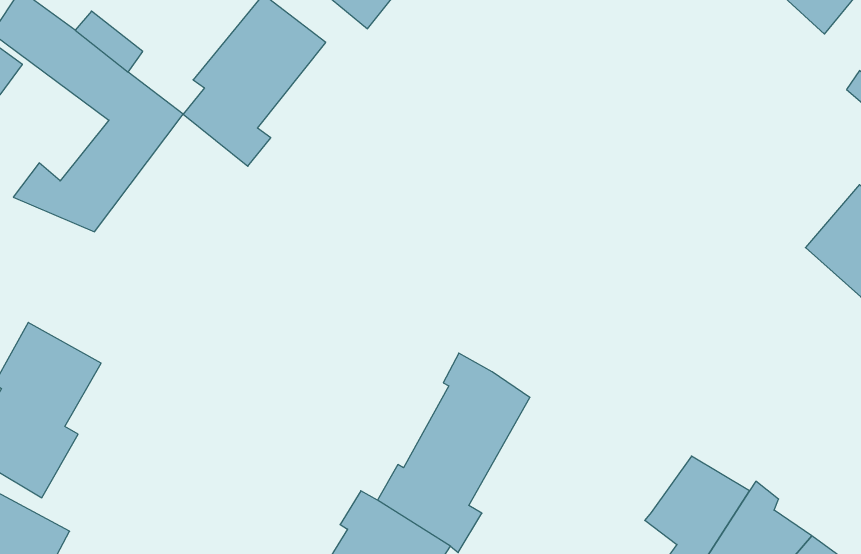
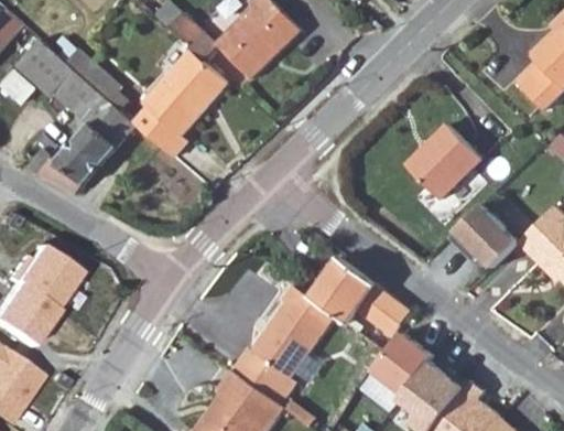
building: none -> [405,122,477,196]
building: none -> [443,201,512,263]
building: none -> [313,260,408,336]
building: none -> [373,330,436,394]

